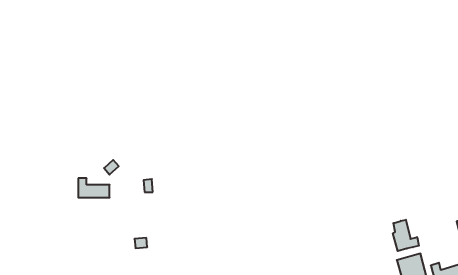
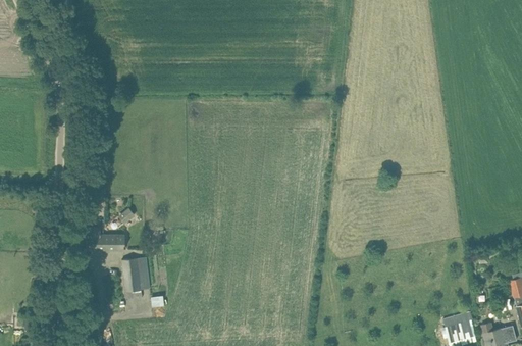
building: none -> [122,256,150,291]
building: [393,220,419,251] -> none

